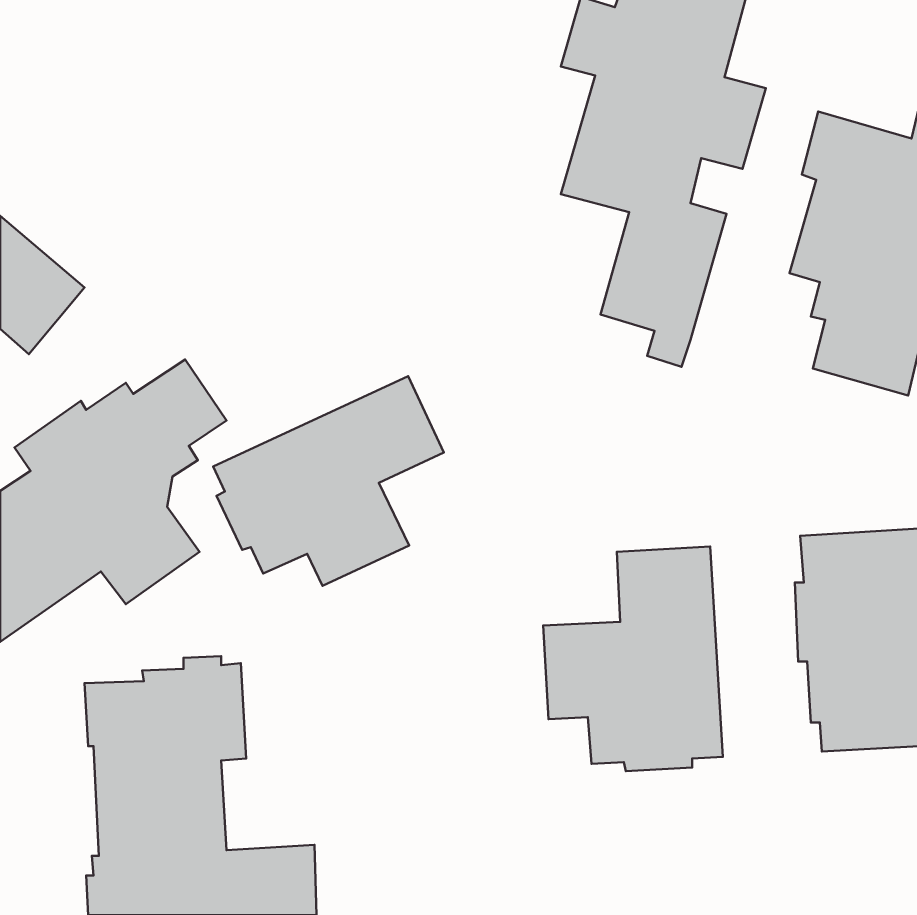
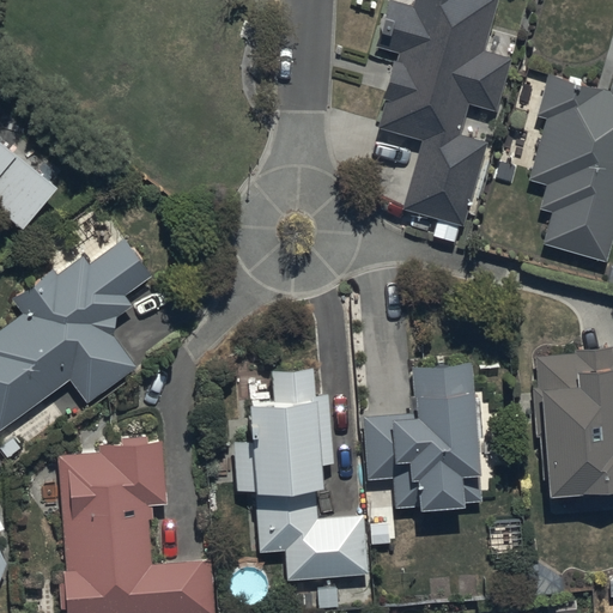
building: [213,376,444,586] -> none
building: none -> [232,370,389,579]

